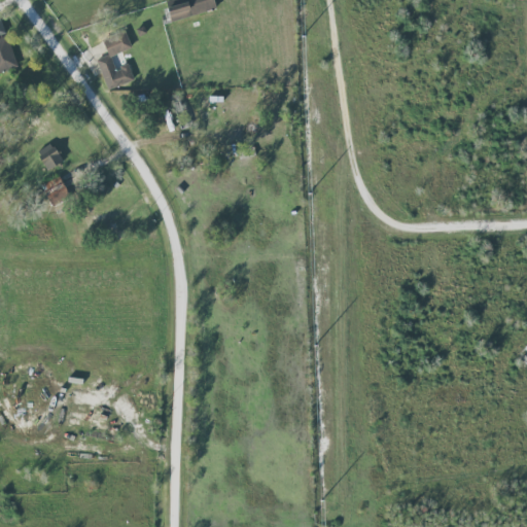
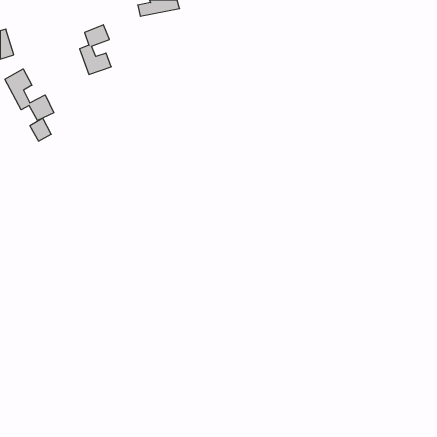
building: none -> [5,69,54,120]
building: [42,176,69,205] -> none

